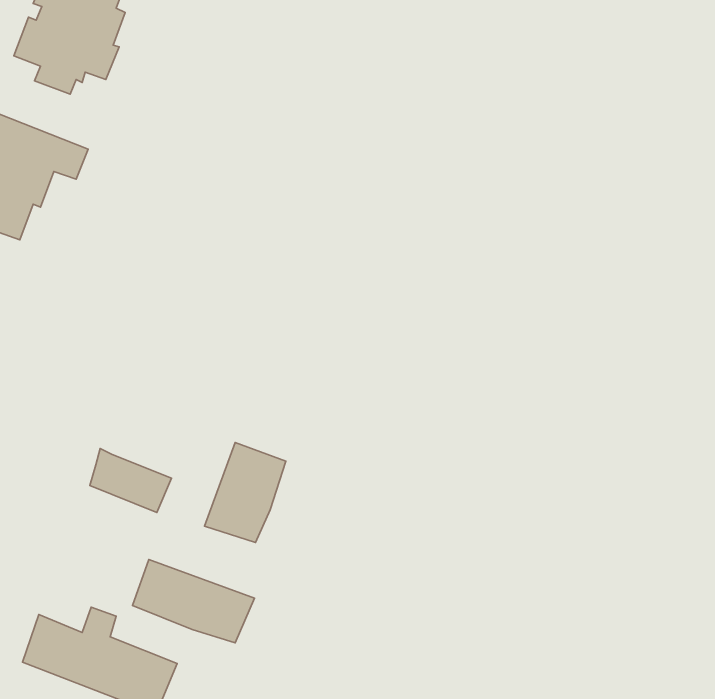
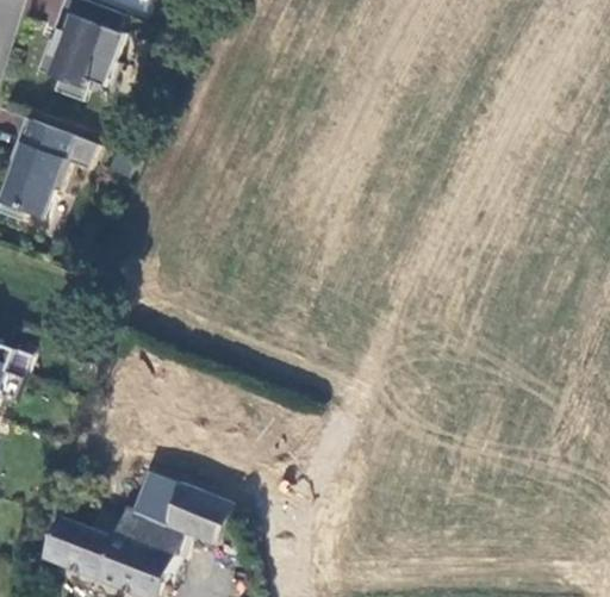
building: [205,442,286,543] -> none
building: [90,448,172,512] -> [114,506,180,558]

